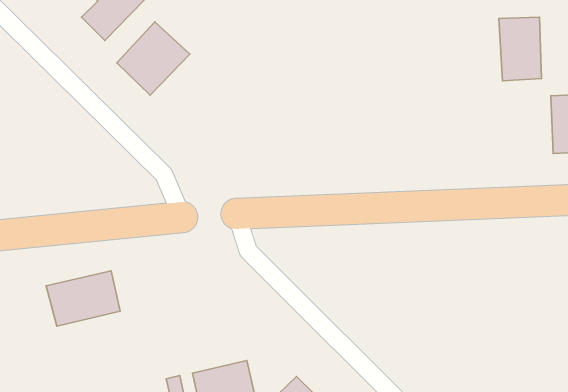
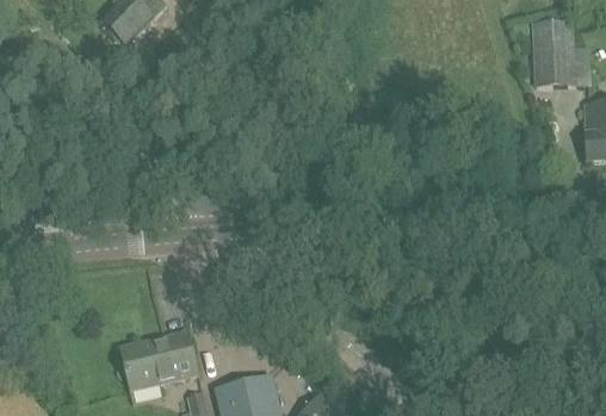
building: [117,22,190,95] -> none
building: [46,271,120,326] -> [122,330,198,387]

